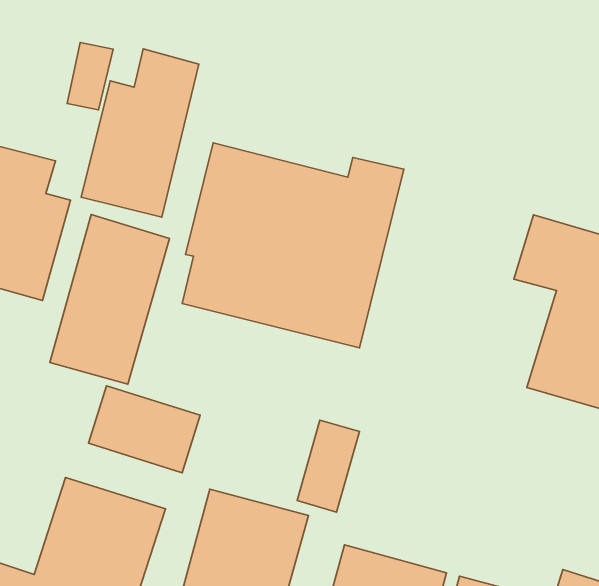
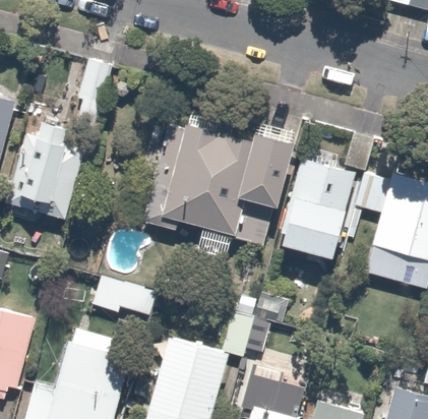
building: [81,49,199,217] -> none
building: none -> [283,159,354,257]
building: [50,215,169,384] -> none

